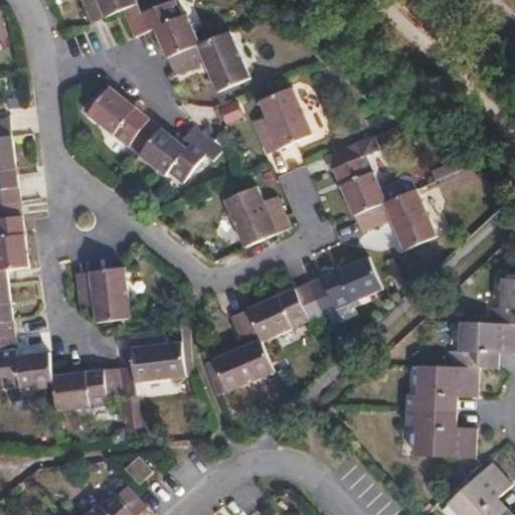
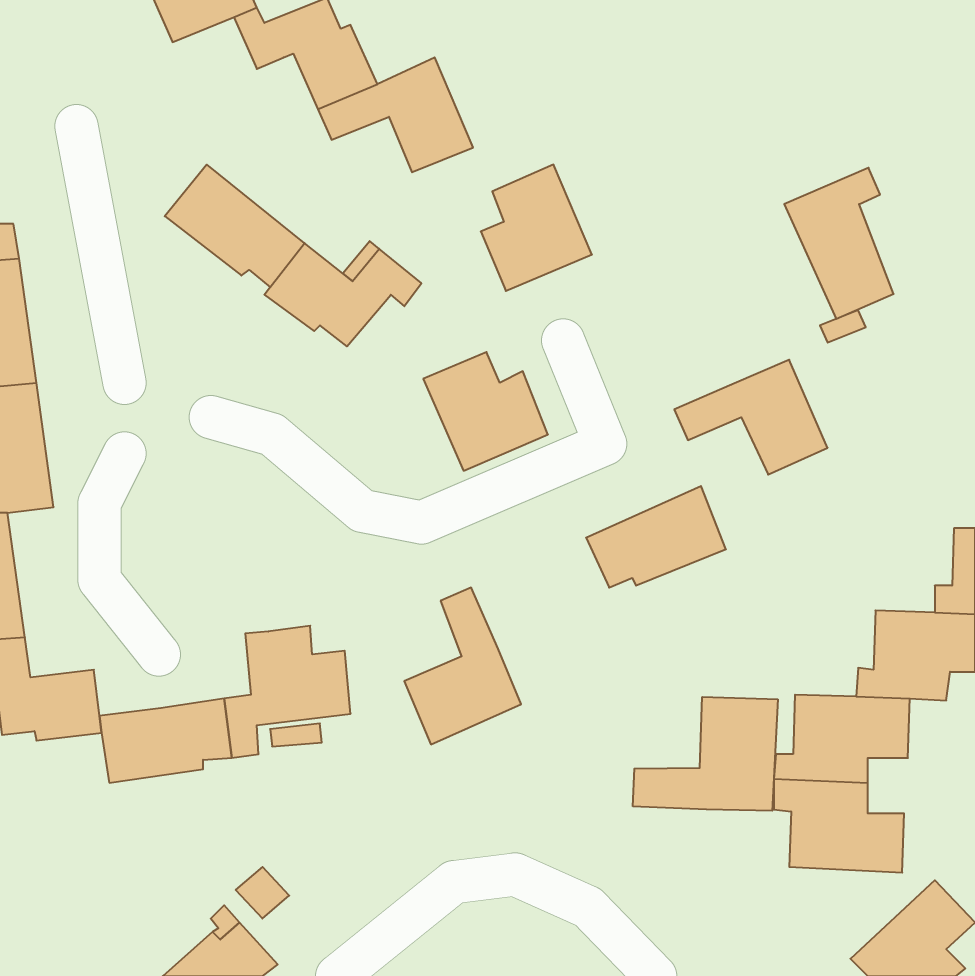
building: [327,136,384,215] -> [784,168,894,319]
building: [74,266,129,321] -> none
building: [247,283,320,341] -> none
building: none -> [633,697,778,811]

